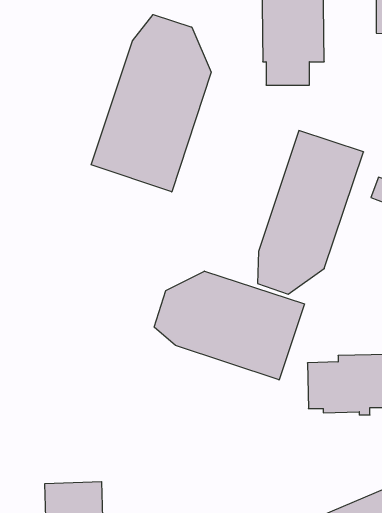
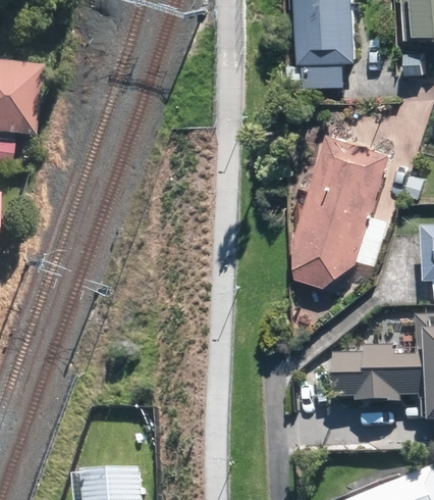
building: [91,15,211,192] -> none
building: [154,271,305,380] -> none

